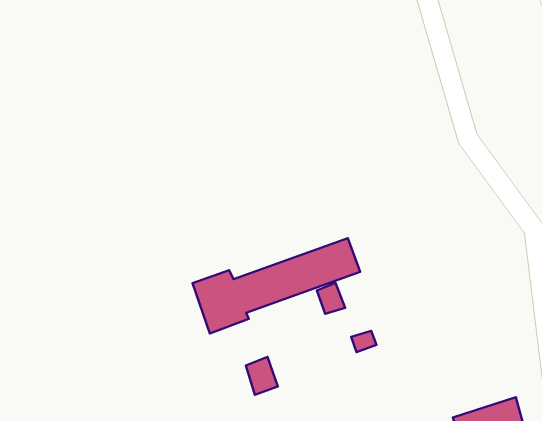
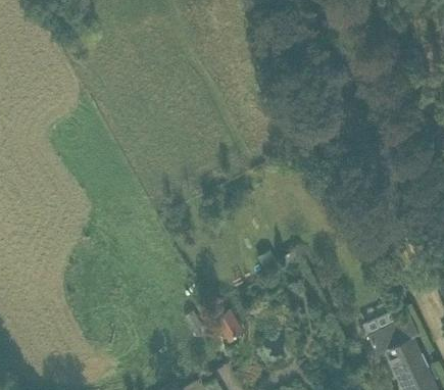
building: [193,238,360,334] -> none

